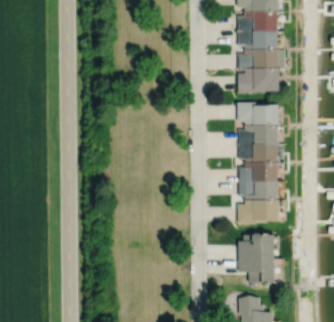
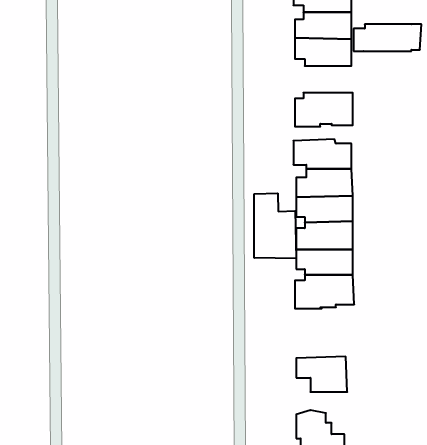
building: [237,51,285,70] -> [354,24,421,51]
building: none -> [254,193,296,258]
building: [239,234,274,258] -> none

